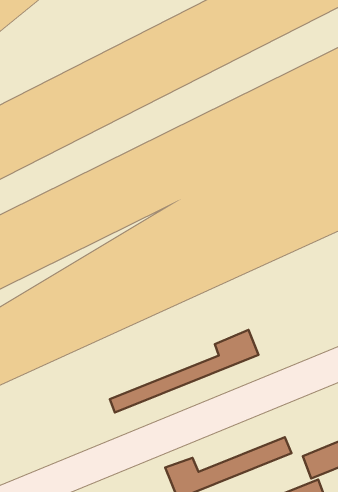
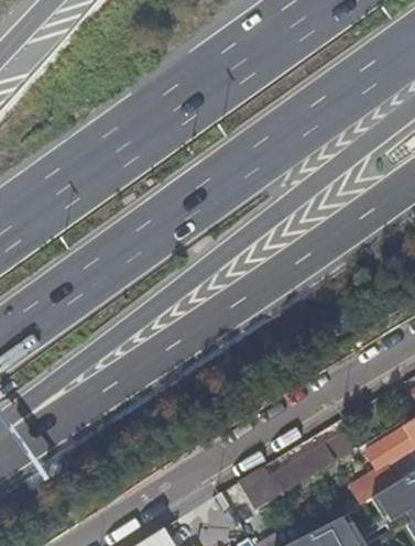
building: [110,330,258,412] -> none

